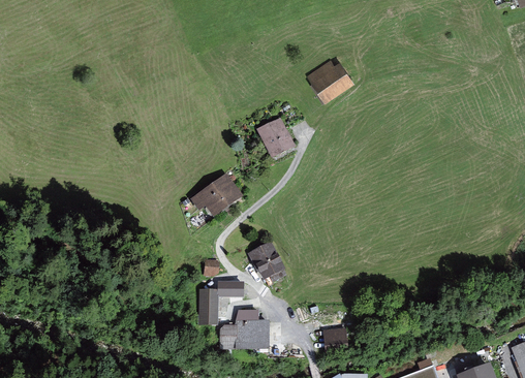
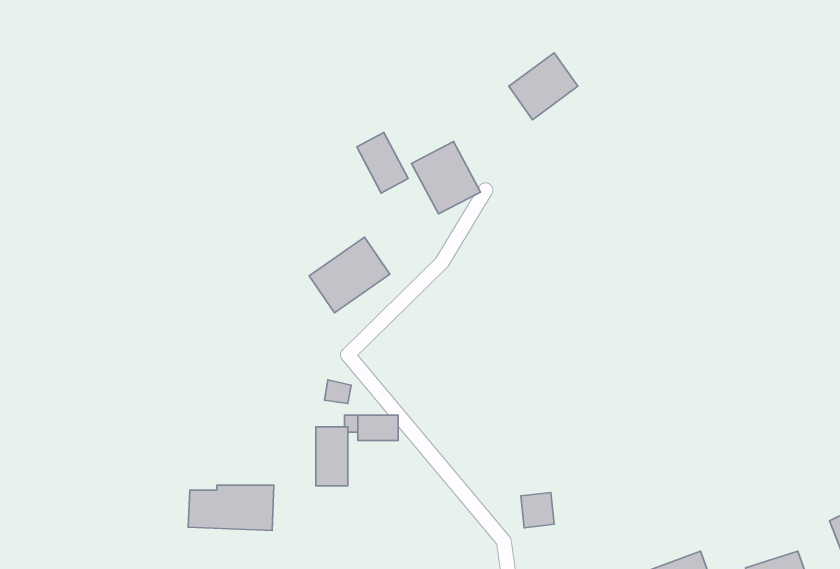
building: none -> [357,132,408,193]
building: [249,240,287,280] -> none
building: [218,320,271,348] -> [188,485,274,530]

